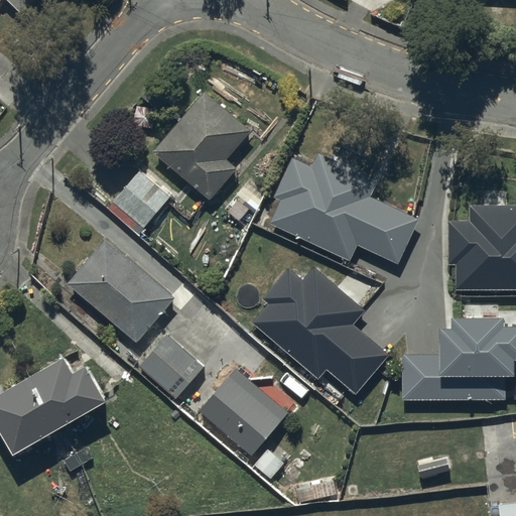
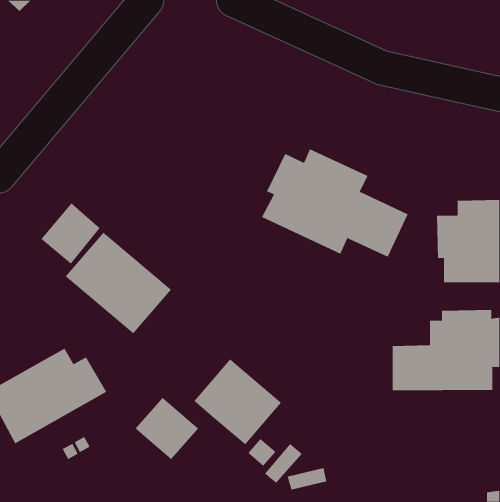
building: [152,91,251,201] -> none
building: [108,170,169,234] -> [41,202,101,264]
building: [252,267,390,394] -> none
building: [139,335,205,399] -> [135,397,199,460]

